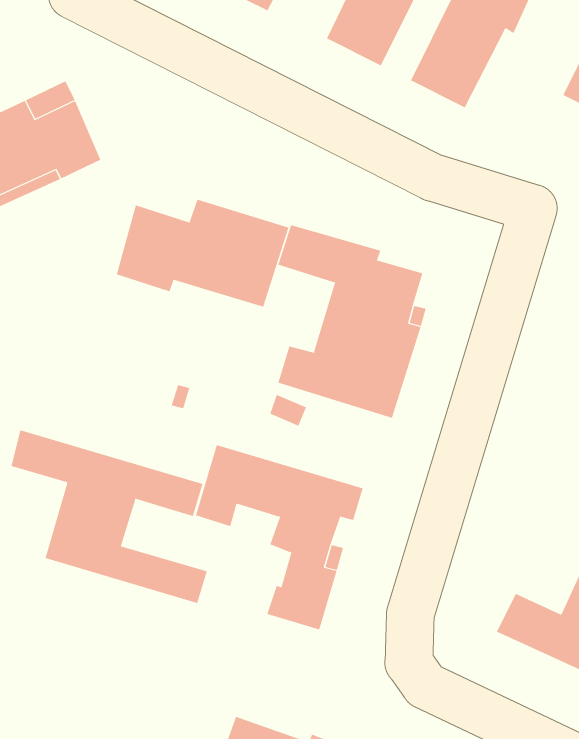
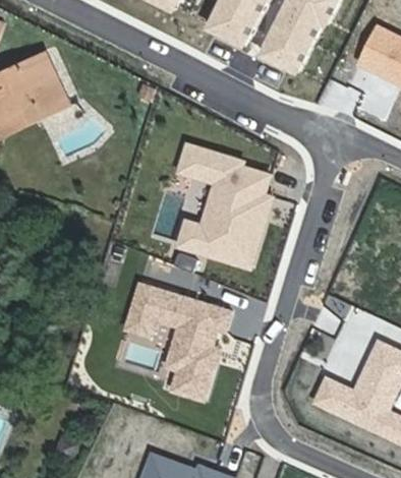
building: [116,199,289,307] -> none
building: [11,429,208,604] -> none

